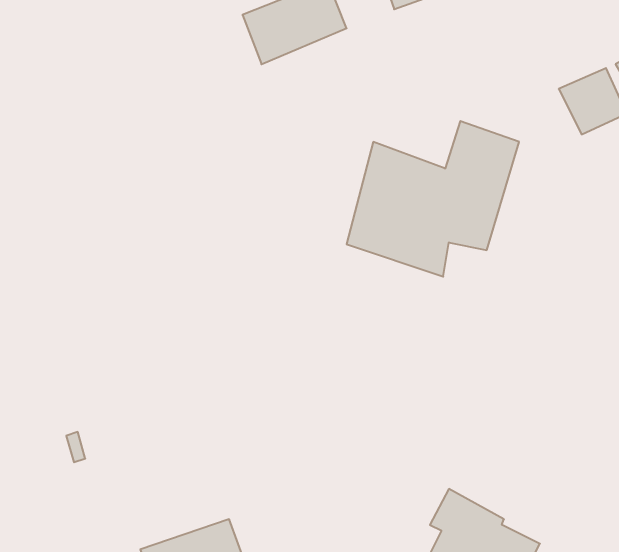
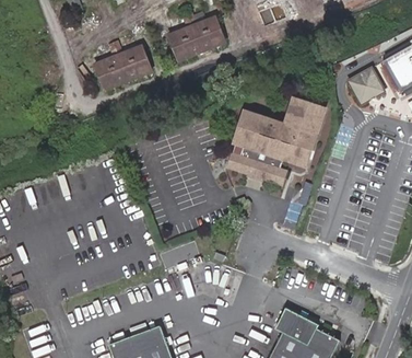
building: none -> [92,43,153,90]

